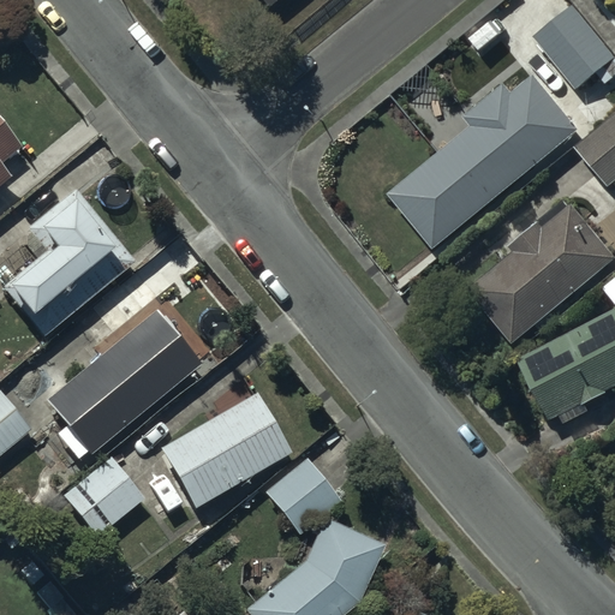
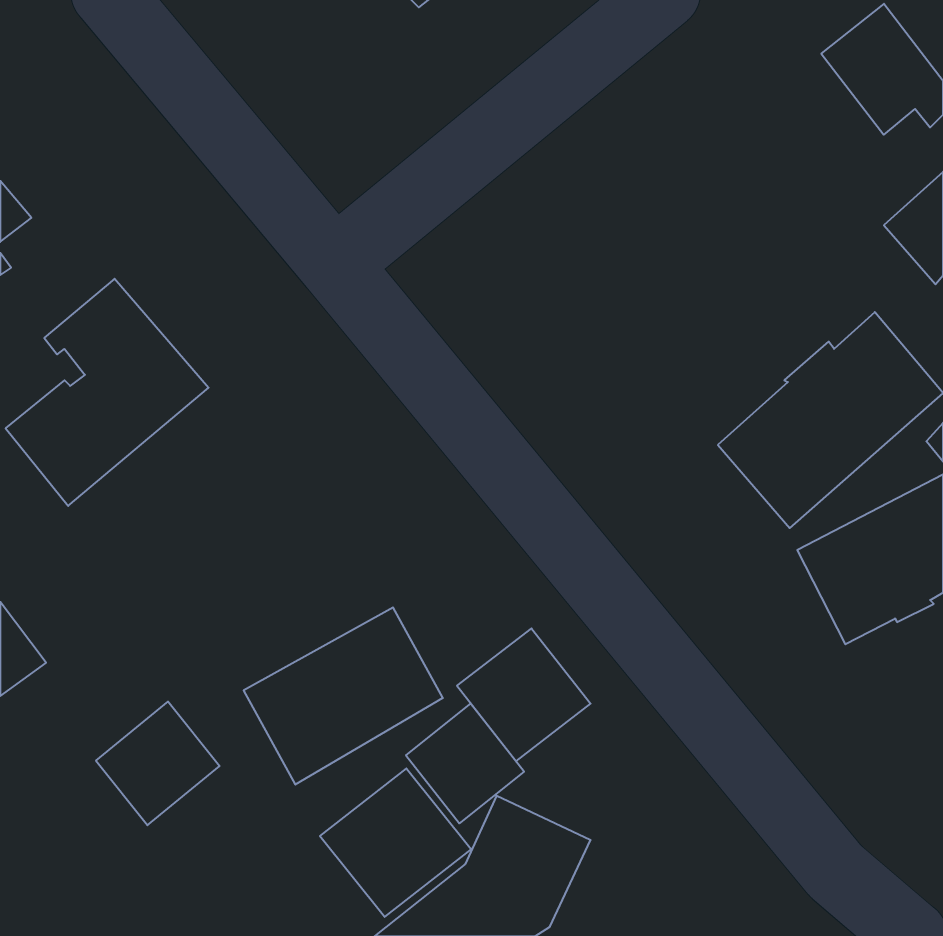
building: [389,74,581,249] -> none
building: [44,312,199,458] -> none
building: none -> [457,628,591,761]
building: none -> [320,768,471,917]

